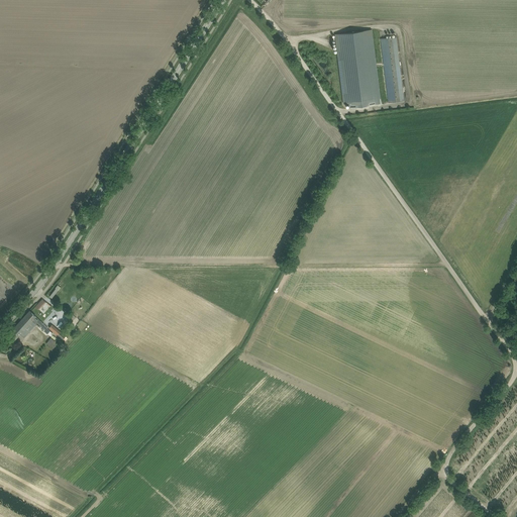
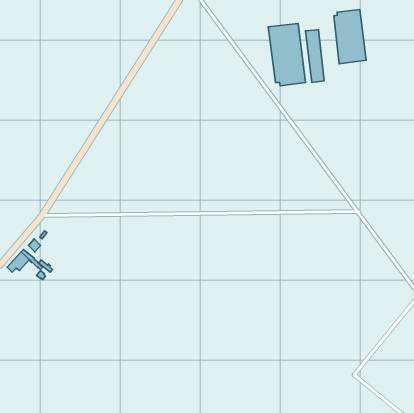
building: none -> [334,10,366,64]

